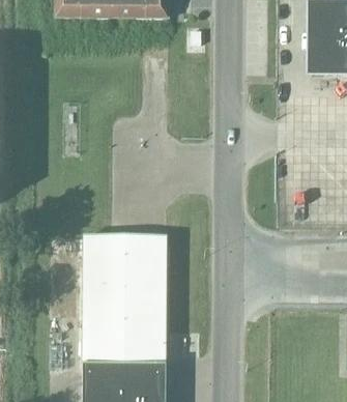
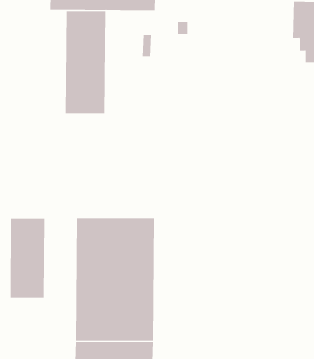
building: none -> [65,10,106,114]
building: none -> [10,218,45,298]

